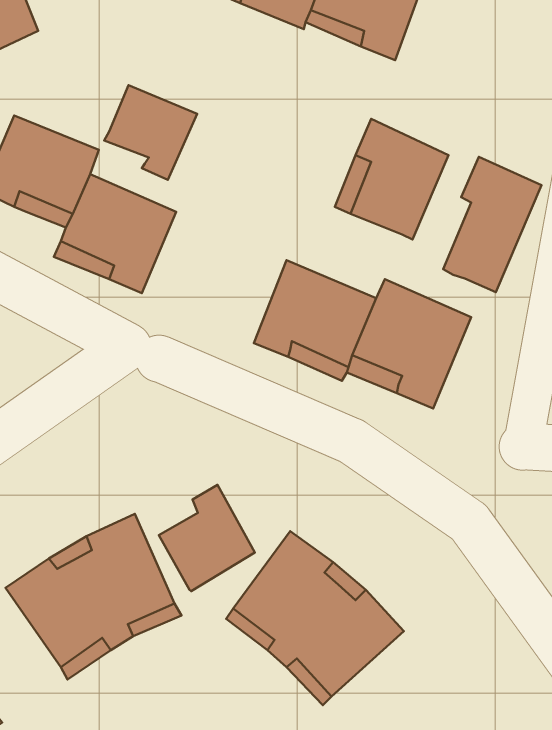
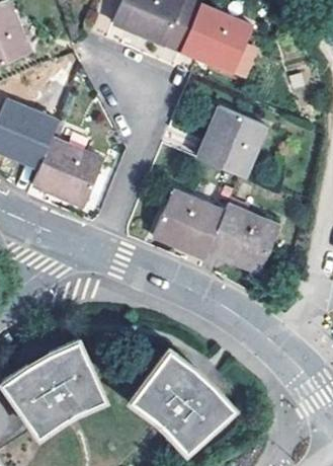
building: [104,85,197,180] -> none
building: [443,157,542,292] -> none
building: [159,485,255,591] -> none

